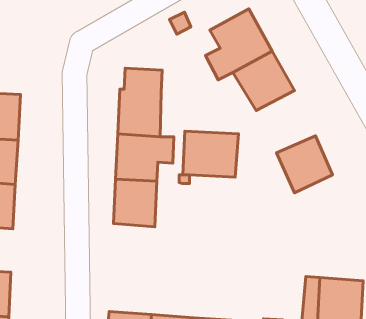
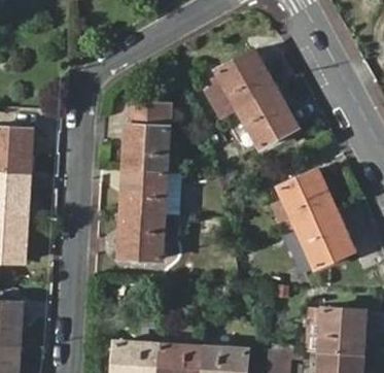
building: [183,131,238,177] -> none
building: none -> [298,208,353,267]

